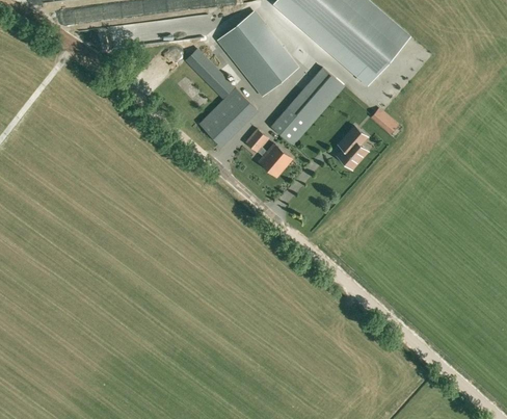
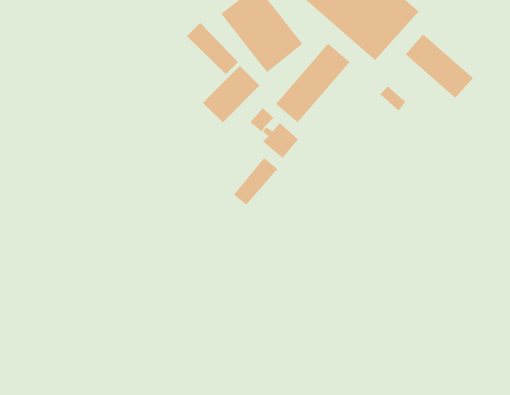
building: none -> [405,33,474,99]
building: [338,127,366,167] -> none
building: none -> [233,157,278,206]

